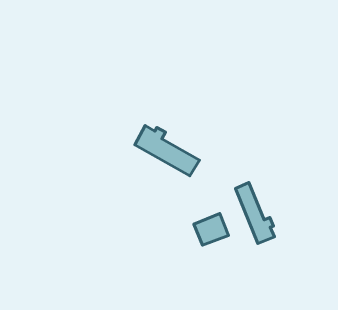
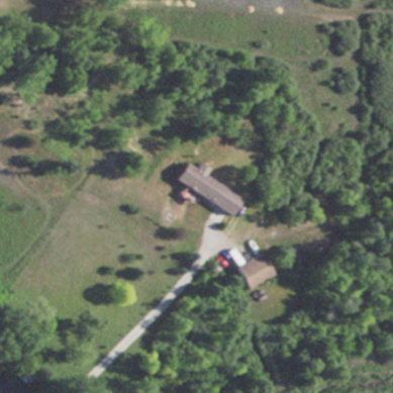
building: [236,182,274,243] -> none

